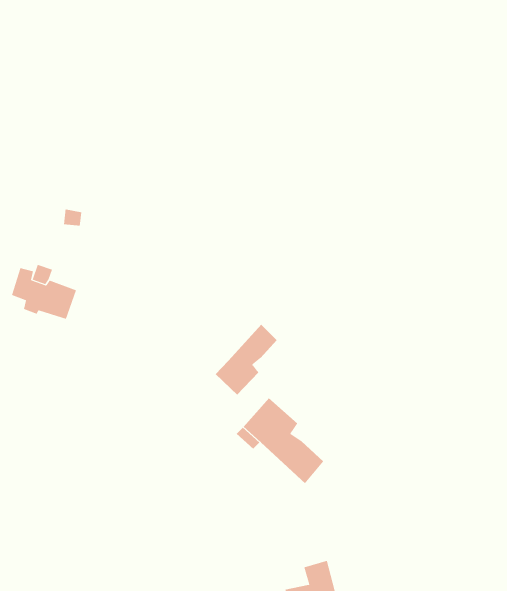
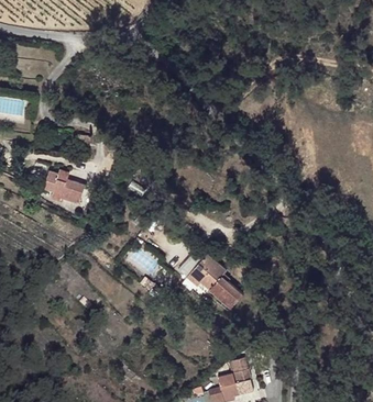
building: [215,324,278,396] -> none

